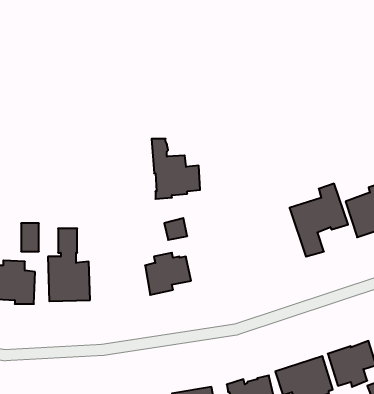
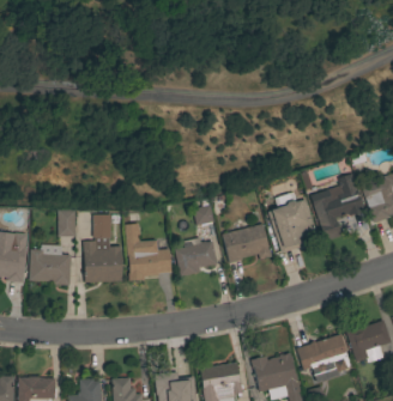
building: [152,139,200,199] -> [126,224,171,280]
building: none -> [268,200,318,253]
building: none -> [223,224,272,263]

